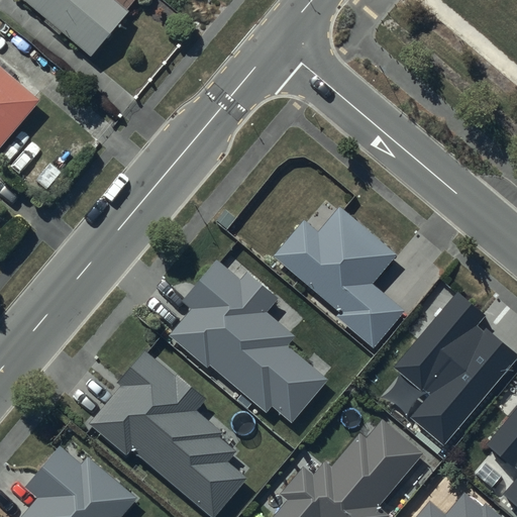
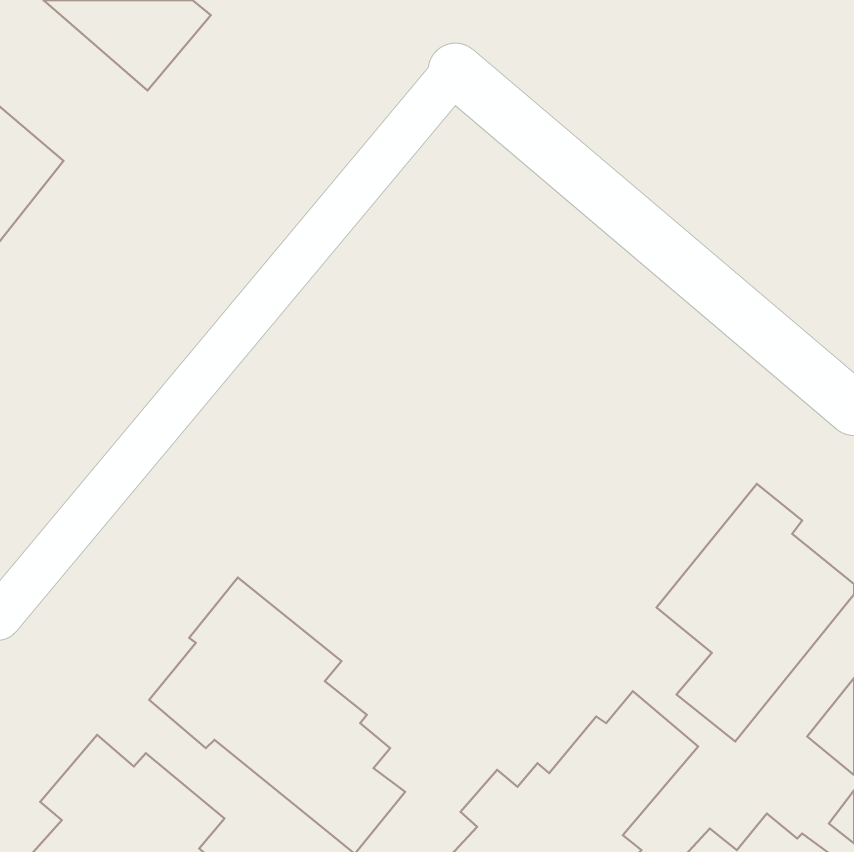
building: [271,207,403,345] -> none
building: [170,256,330,420] -> none

